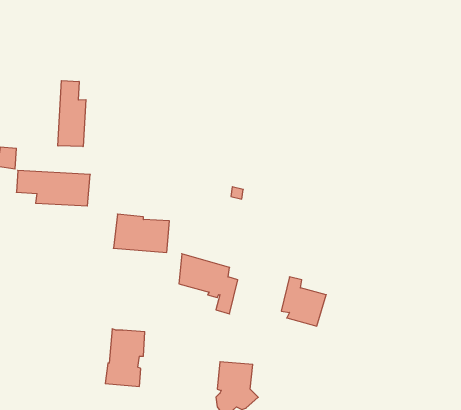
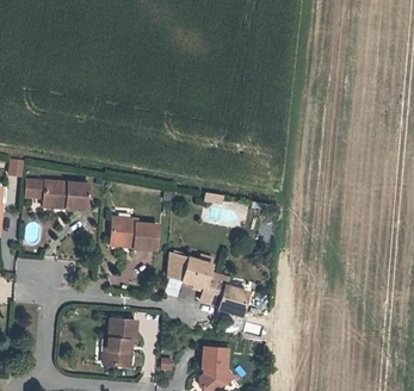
building: [58,81,86,147] -> none
building: [281,277,326,326] -> [211,274,251,317]

